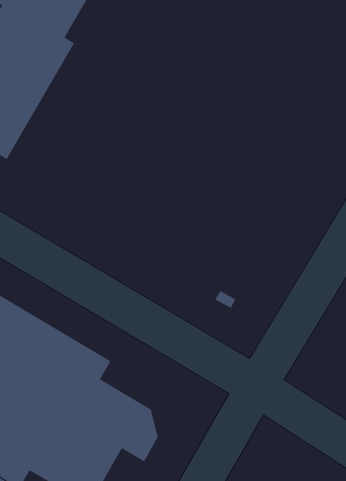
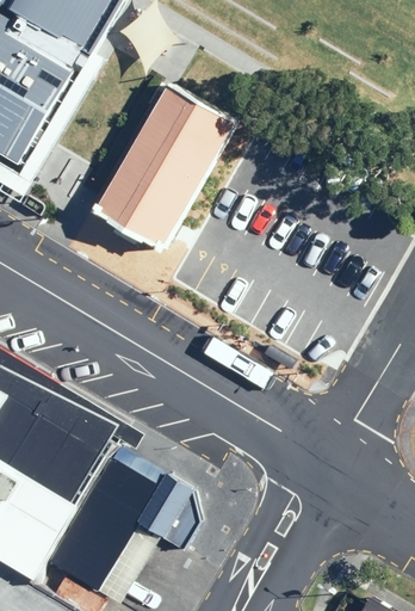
building: none -> [85,85,228,253]

